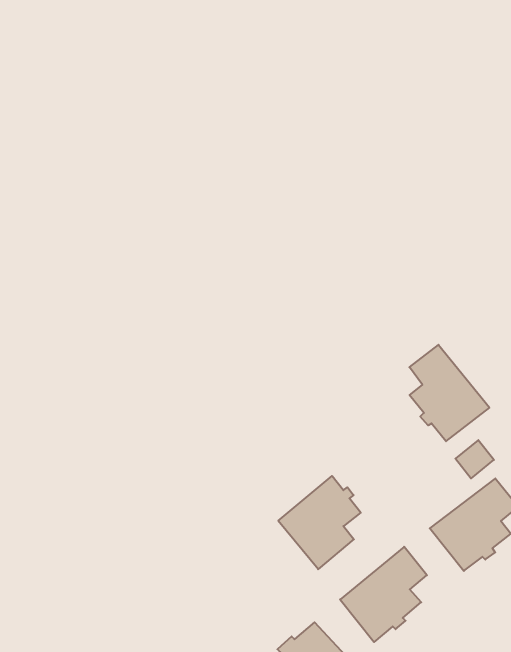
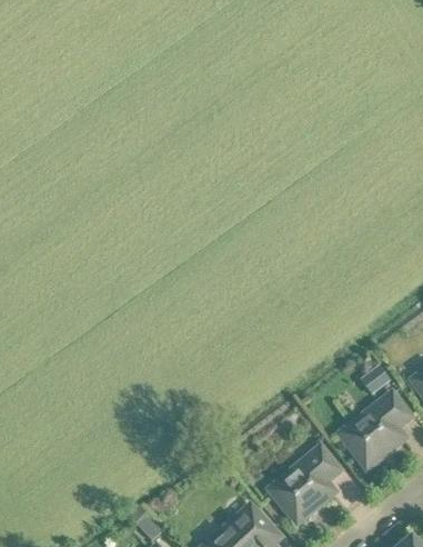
building: [409,345,489,441] -> none
building: [278,476,361,569] -> none

